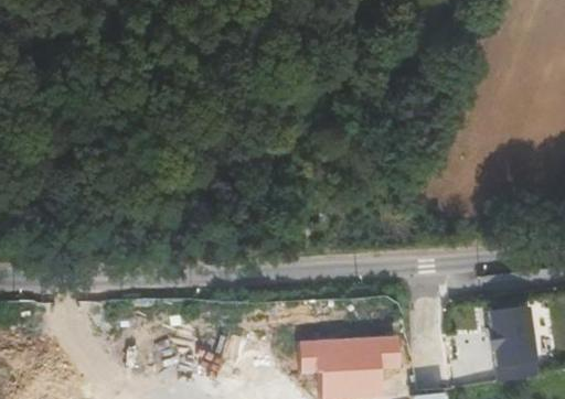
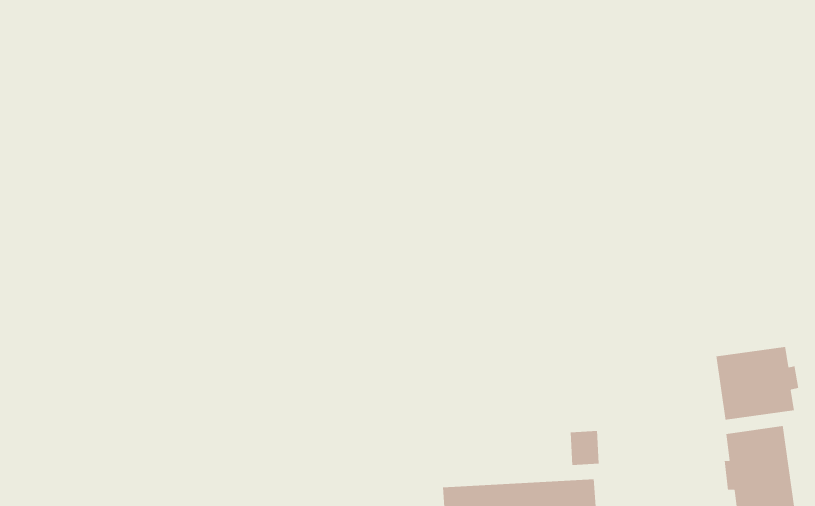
building: none -> [716,346,799,420]

